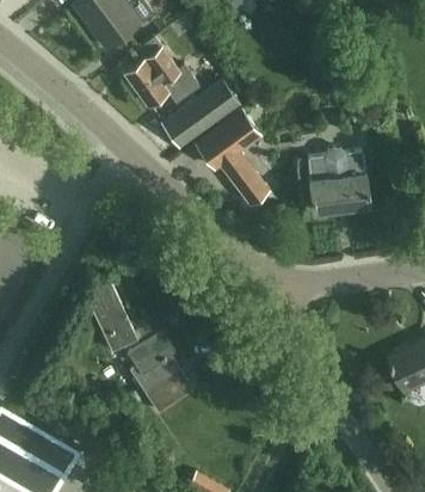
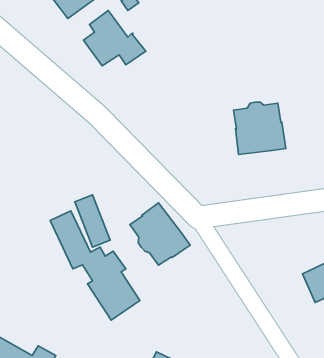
building: [161,80,239,148] -> none
building: [195,110,269,204] -> none
building: none -> [130,203,190,265]

